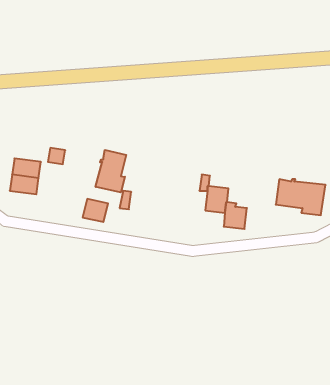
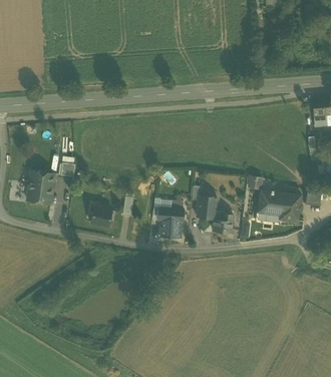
building: [96,150,126,192] -> none
building: none -> [158,208,184,238]

